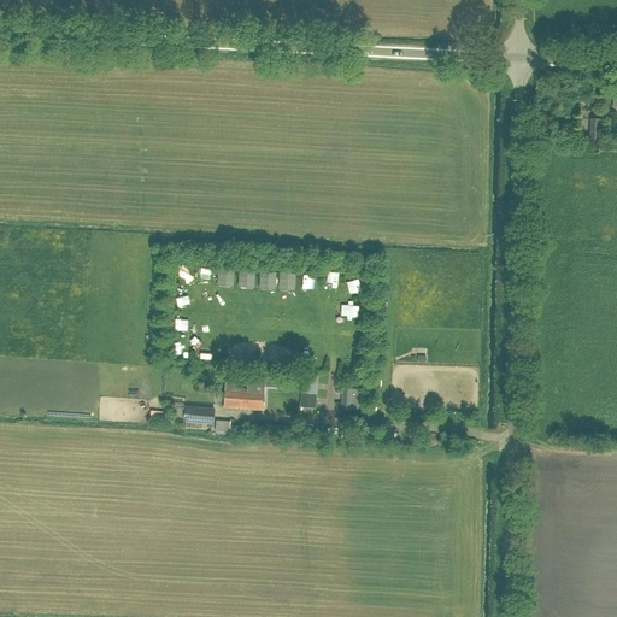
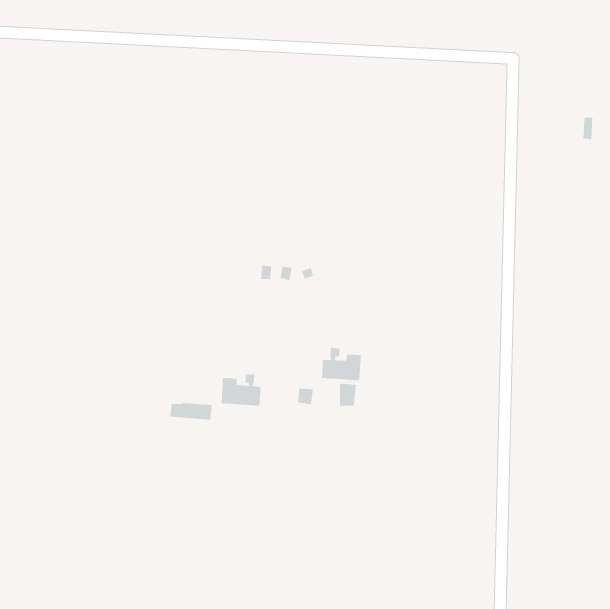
building: none -> [321,347,362,381]

